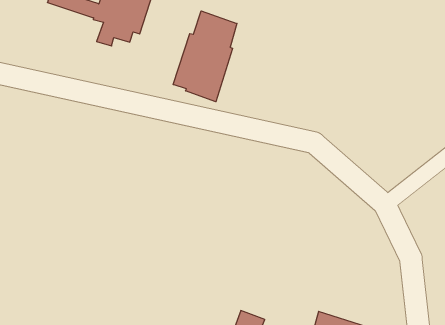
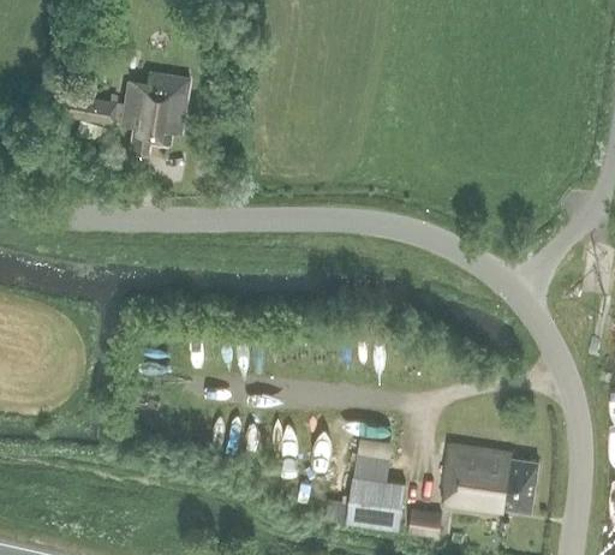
building: [173,11,237,102] -> none

